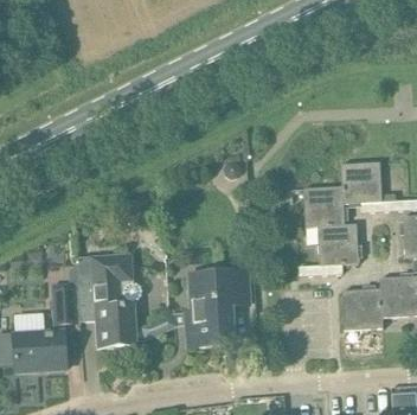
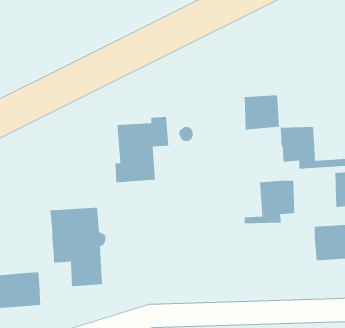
building: [303,185,345,226] -> [244,94,280,130]
building: [186,269,249,346] -> [115,116,169,183]
building: [341,287,383,328] -> none
building: [51,288,79,324] -> none

